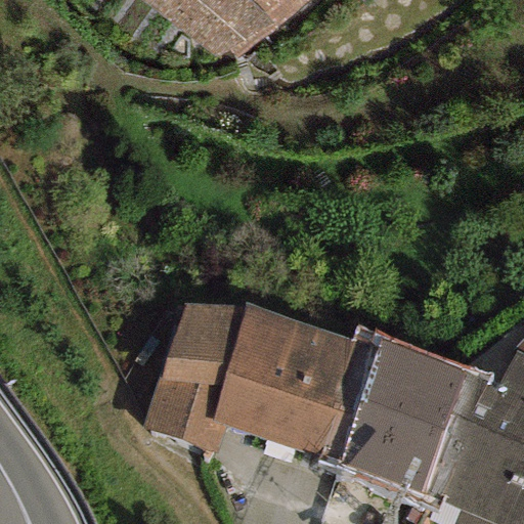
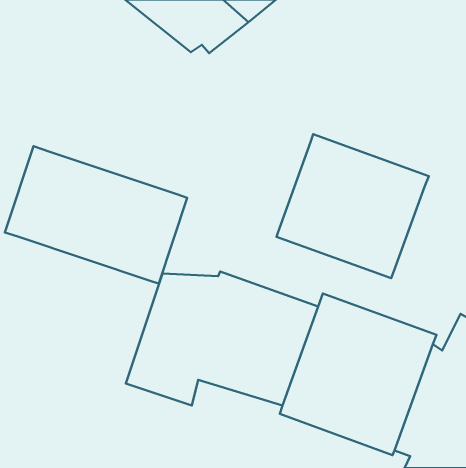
building: none -> [276,134,429,278]
building: none -> [5,146,187,284]

